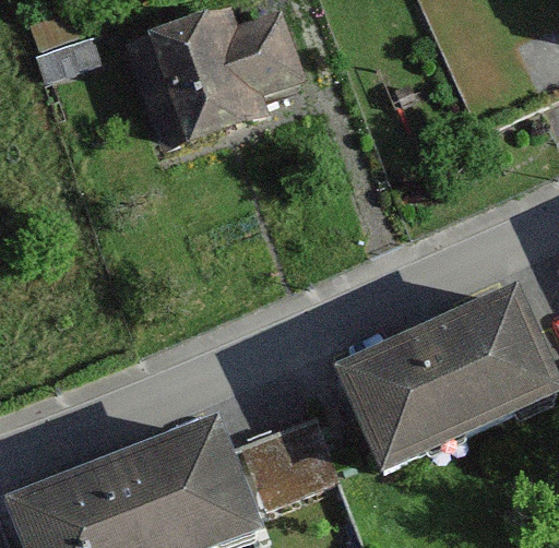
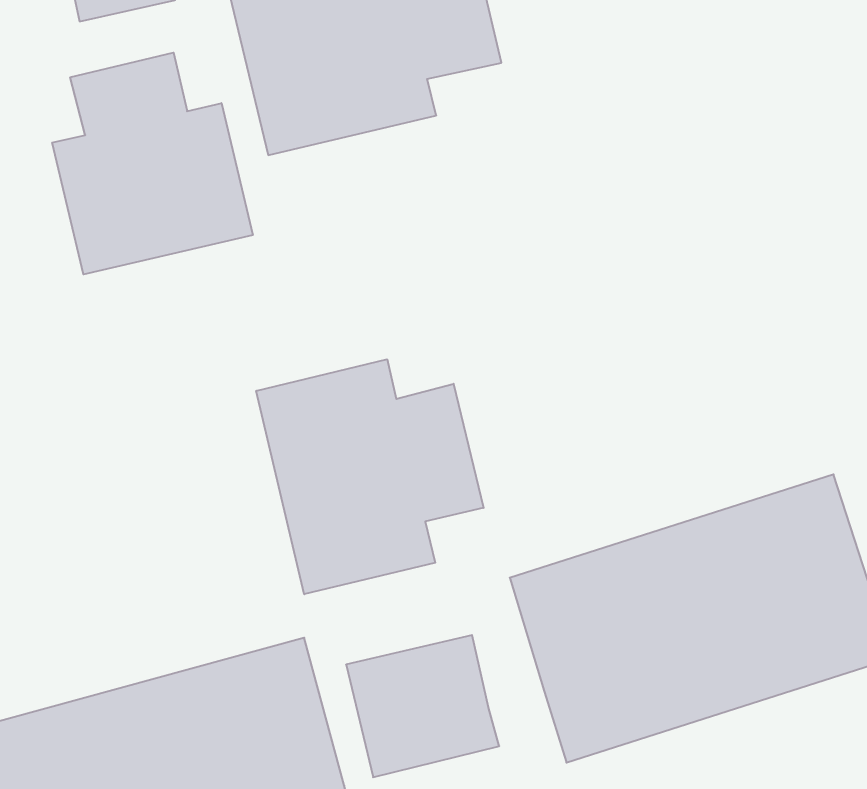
building: none -> [52,53,253,274]
building: none -> [256,359,484,594]

